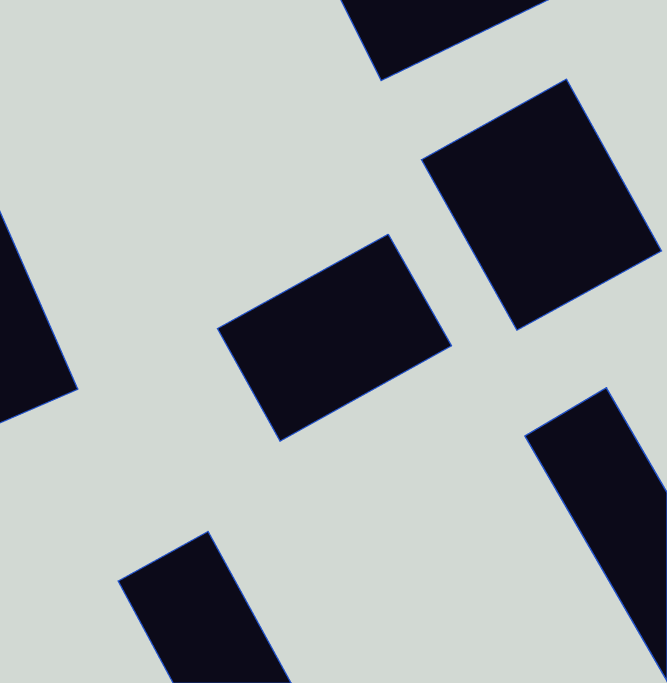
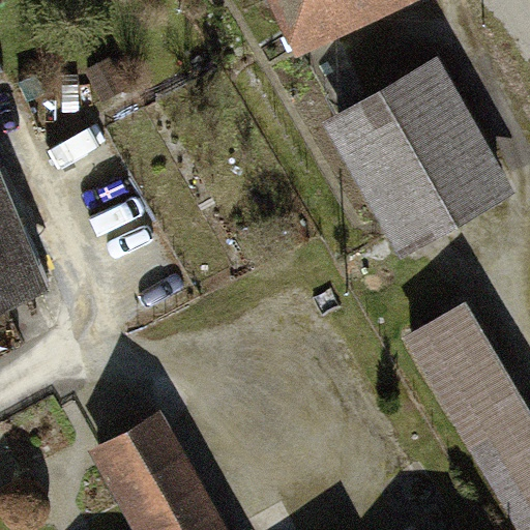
building: [217,234,451,441] -> none

